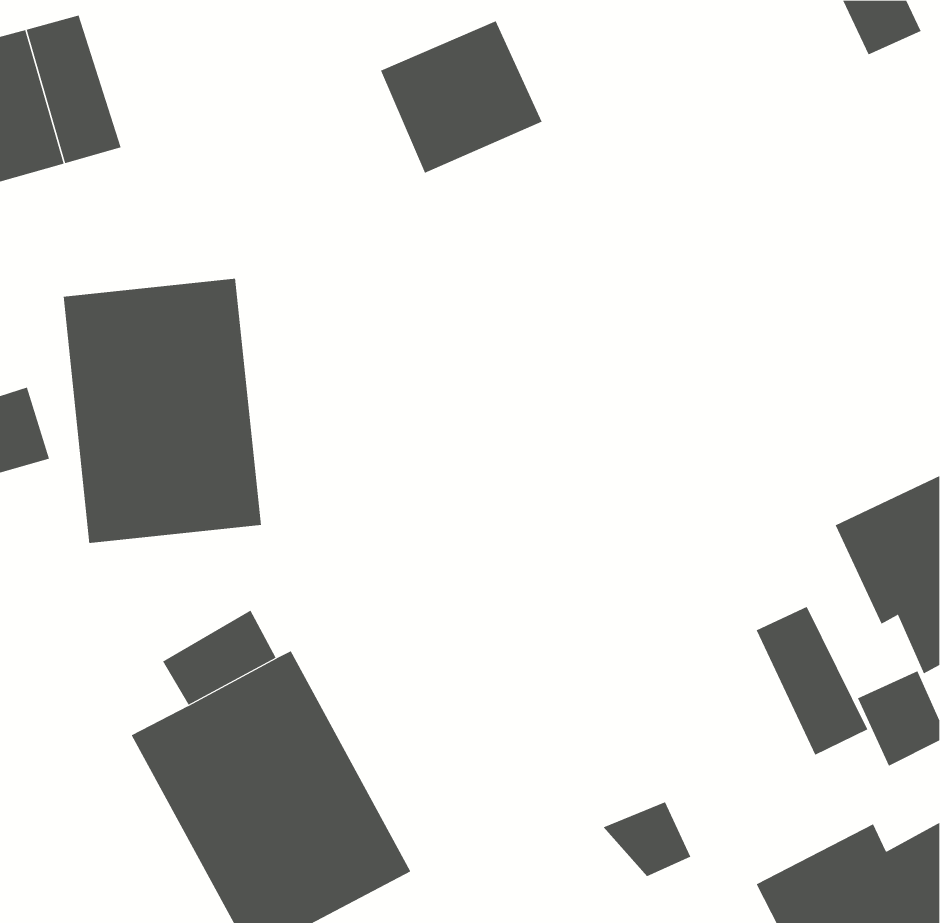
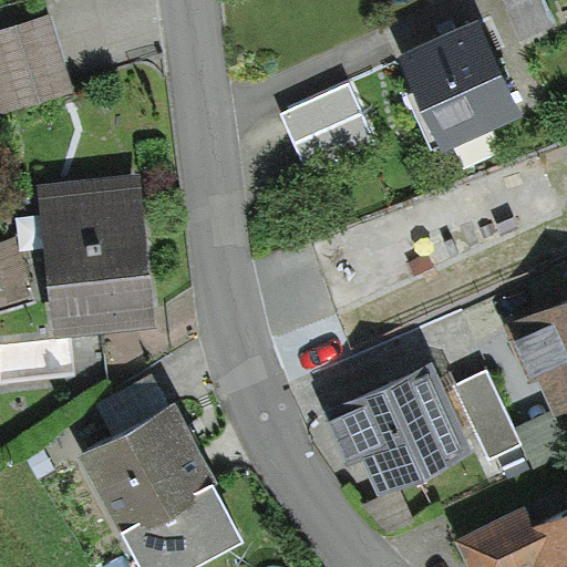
building: none -> [390,18,523,154]
building: [380,21,542,174] -> [280,87,378,179]
building: none -> [321,361,475,497]

